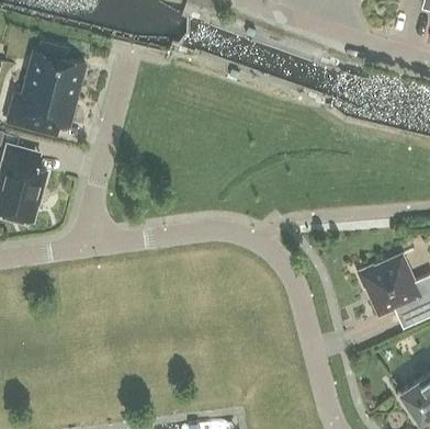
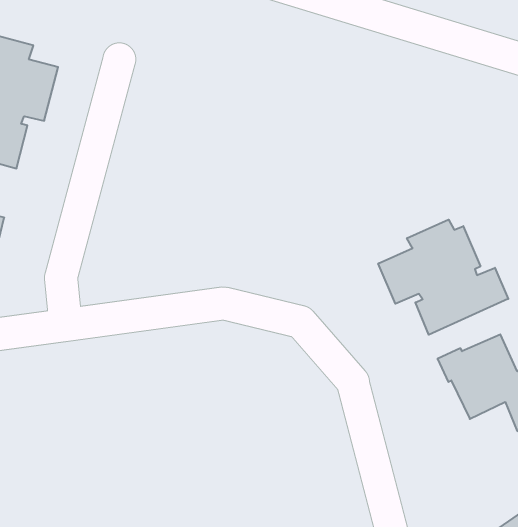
building: none -> [378,220,508,335]

